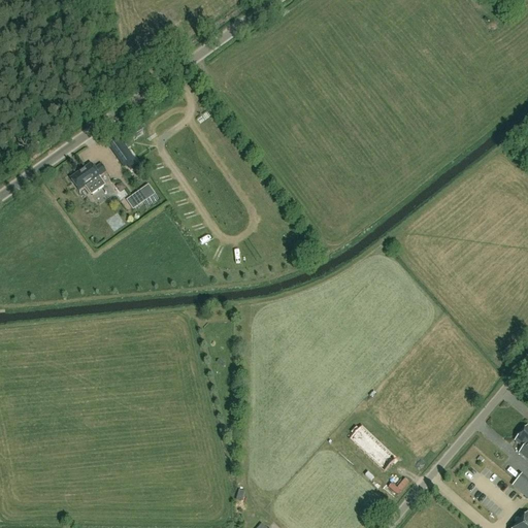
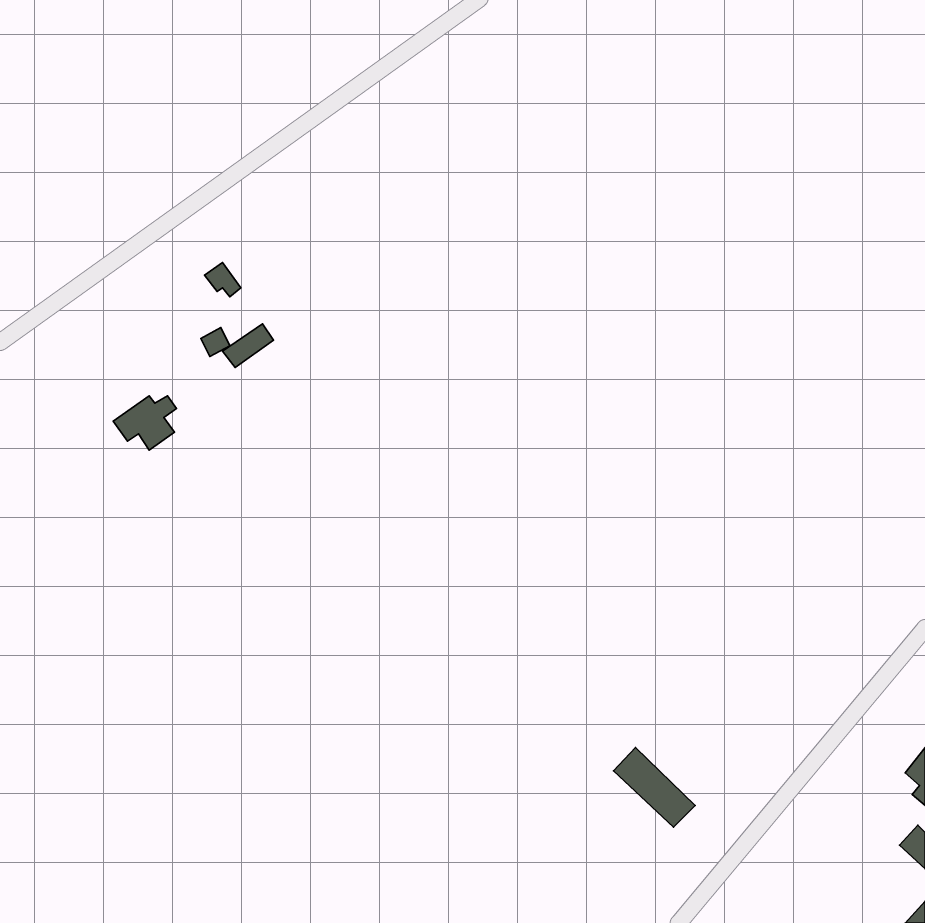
building: [70,164,106,195] -> [113,396,176,450]

